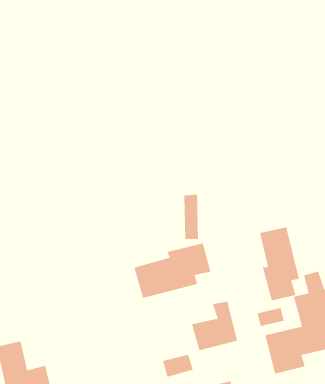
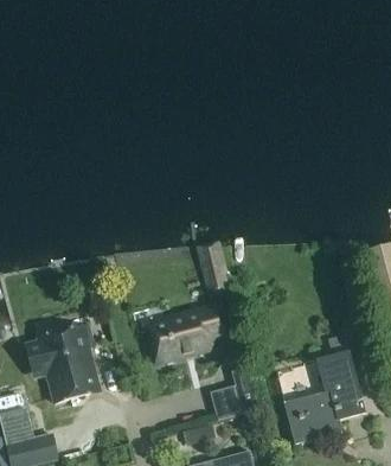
building: [260,227,300,301] -> none
building: none -> [25,325,98,402]

